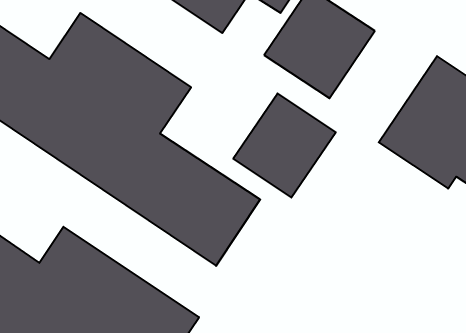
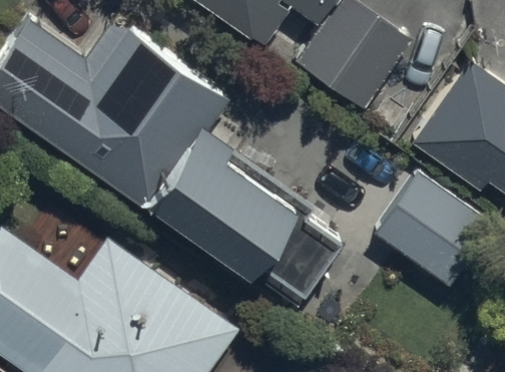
building: [233,93,336,198] -> none
building: none -> [372,171,488,282]

